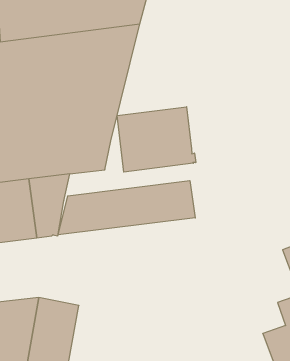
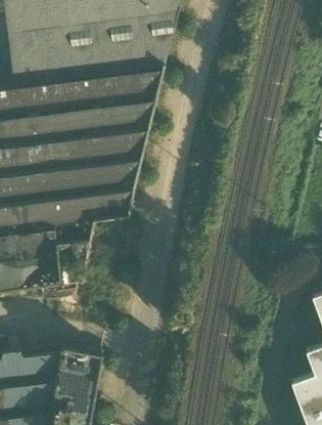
building: [117,107,196,172] -> none
building: [58,181,195,235] -> none

